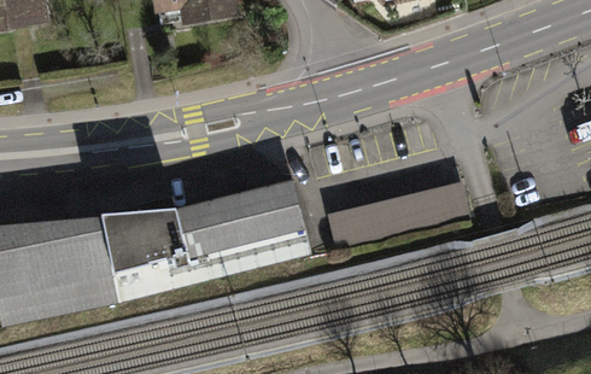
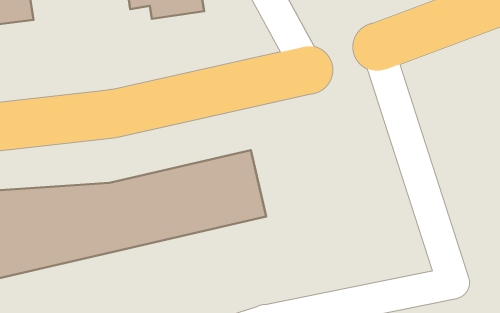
building: [324,177,467,242] -> none

